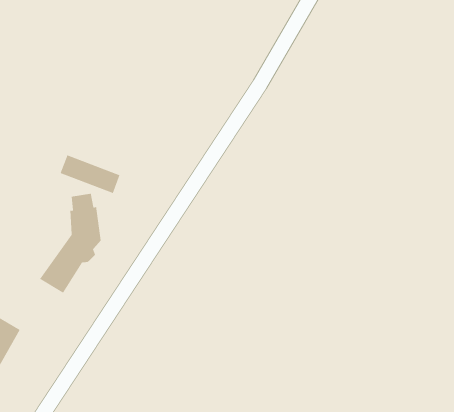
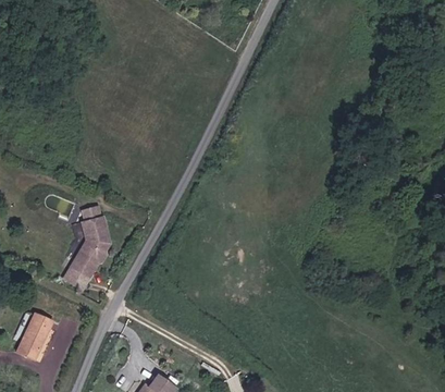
building: [60,154,120,194] -> none

